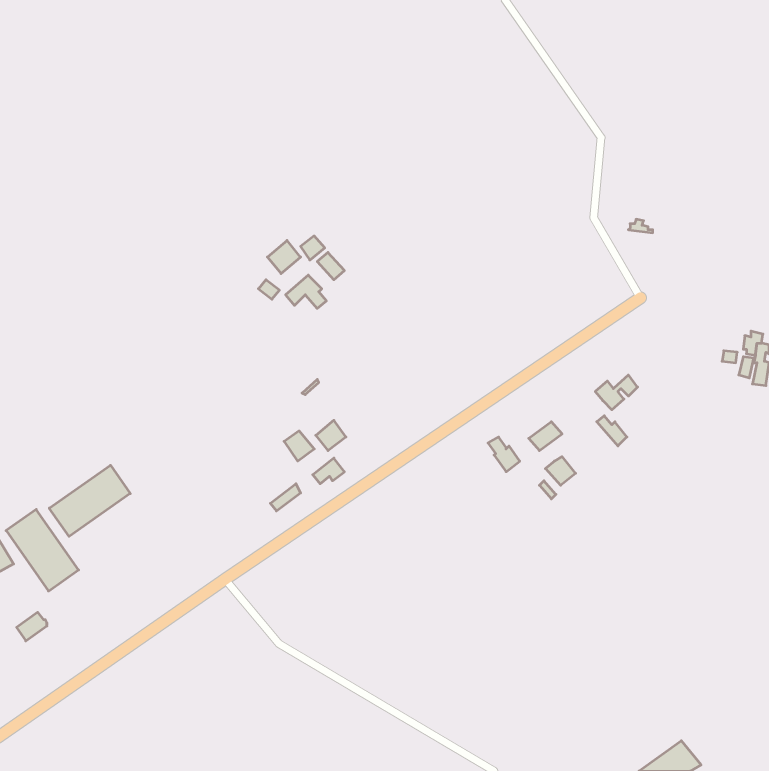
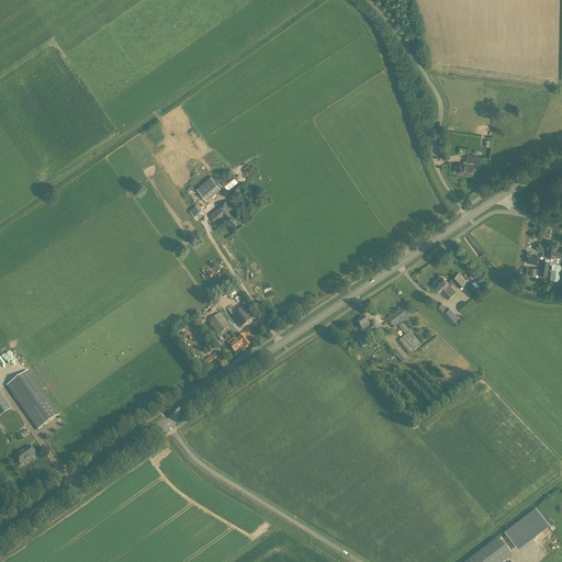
building: [49,465,130,536] -> none
building: none -> [503,508,549,551]

